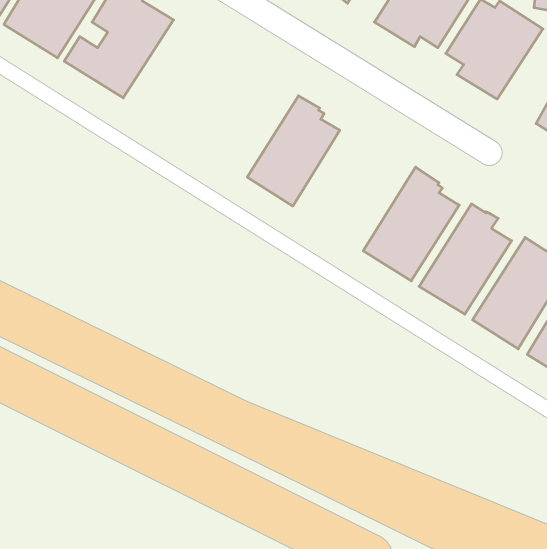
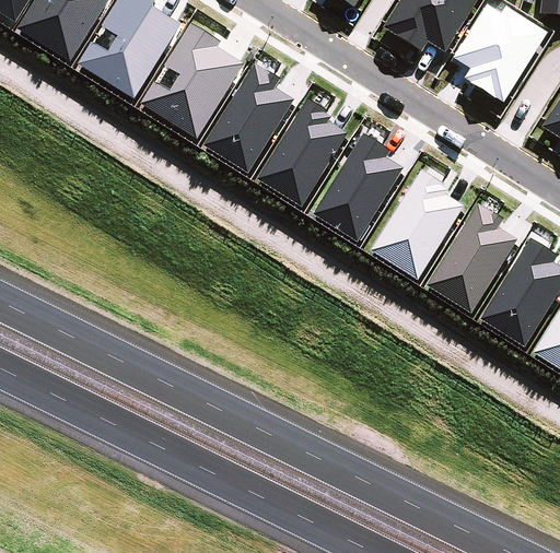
building: none -> [141,22,244,137]
building: none -> [203,63,295,173]
building: none -> [313,132,404,242]

